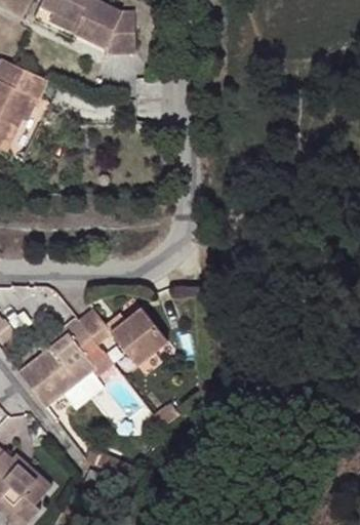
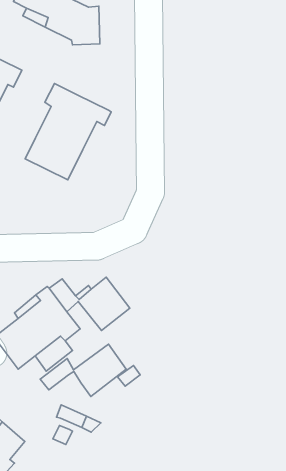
building: none -> [25,84,111,180]
building: none -> [40,344,126,397]

